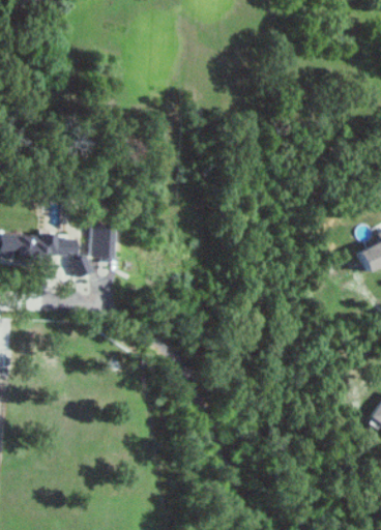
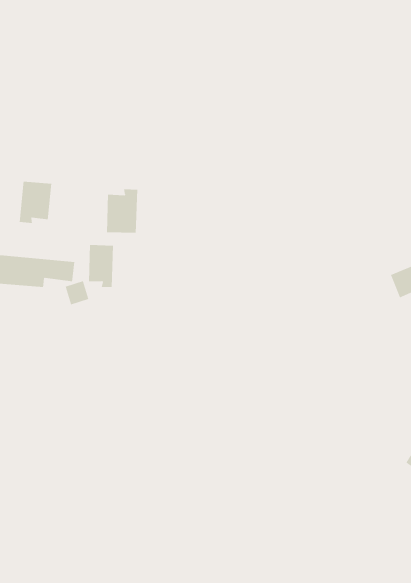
building: none -> [19,181,52,224]
building: none -> [106,188,138,233]

